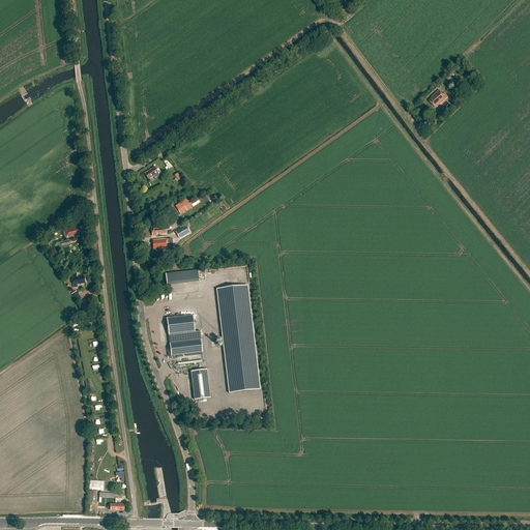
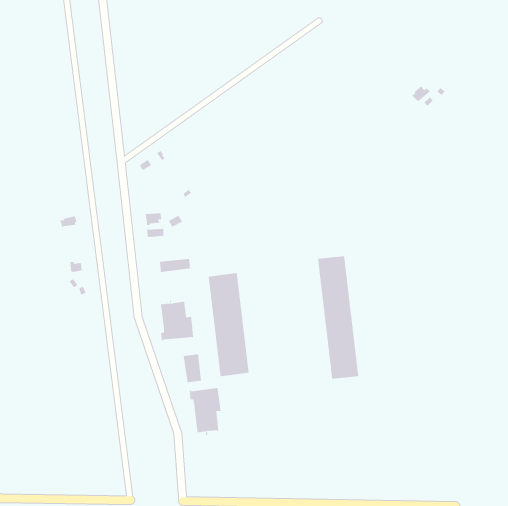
building: none -> [317,256,359,380]
building: none -> [189,387,221,436]

